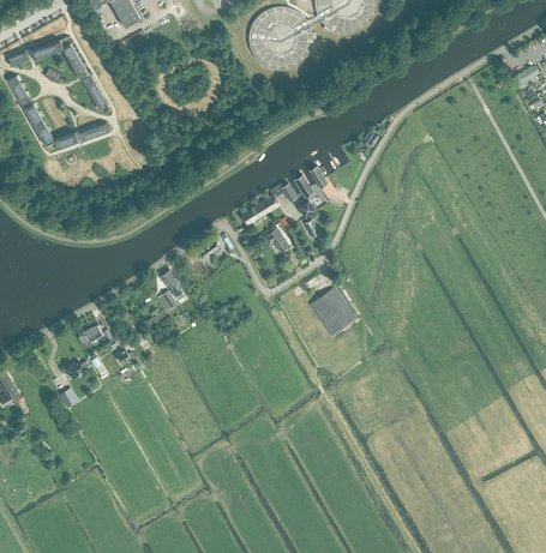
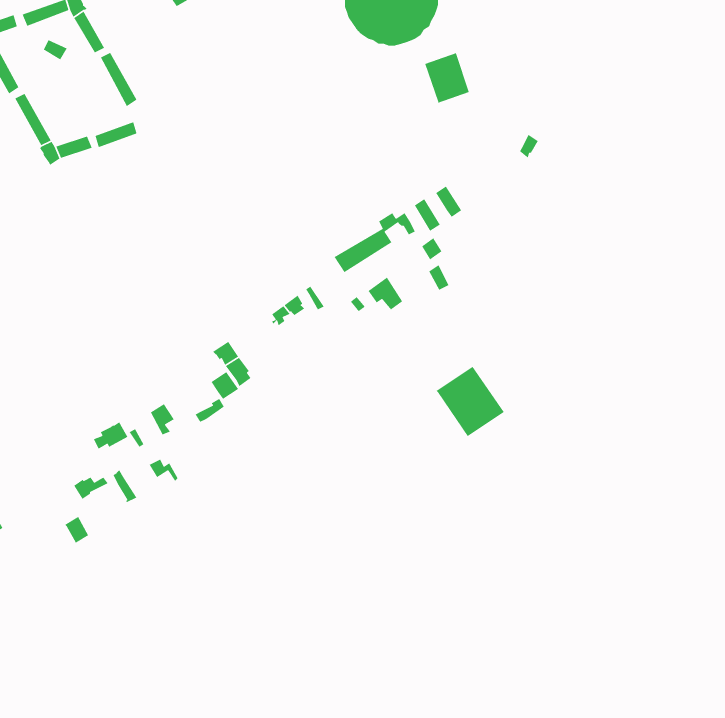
building: none -> [424,52,470,104]

